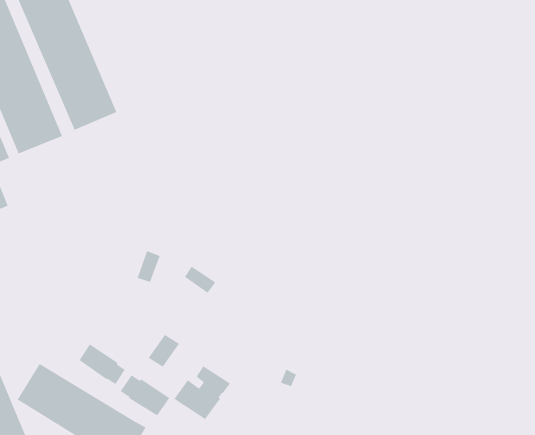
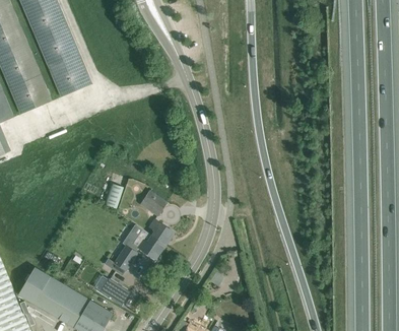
building: [79,343,126,385] -> none
building: [174,366,231,420] -> [132,218,174,258]

